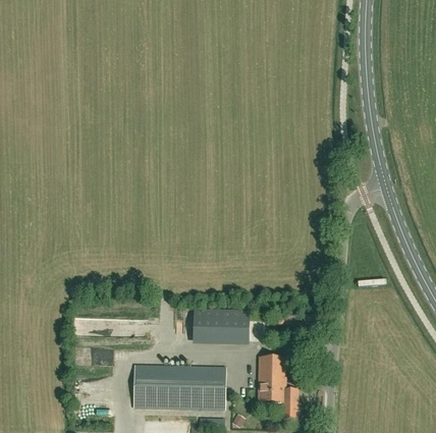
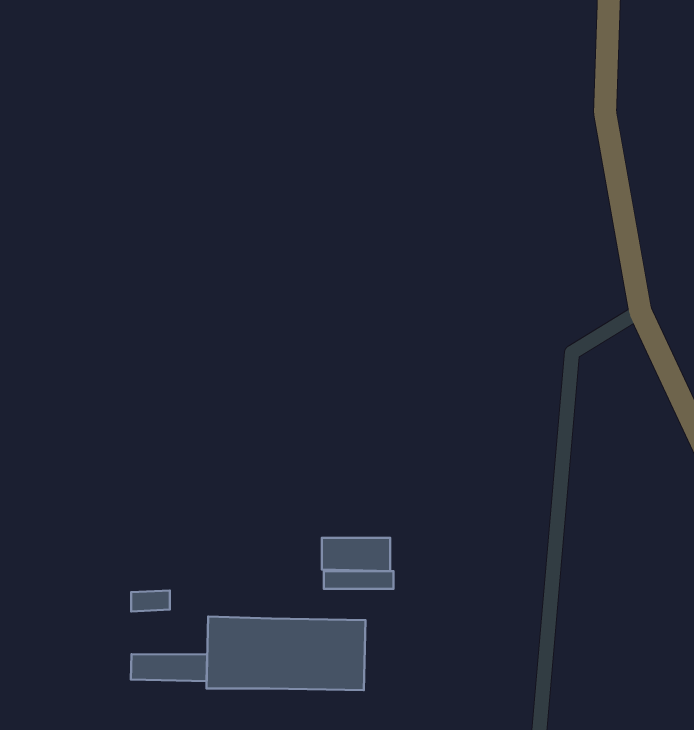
building: [259,357,297,417] -> none
building: none -> [131,654,207,681]

